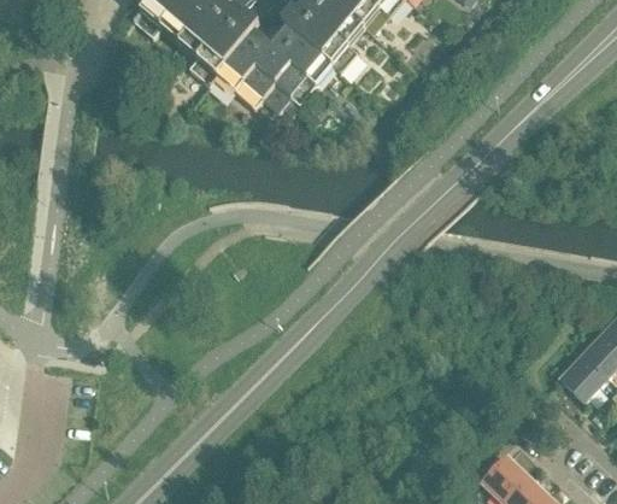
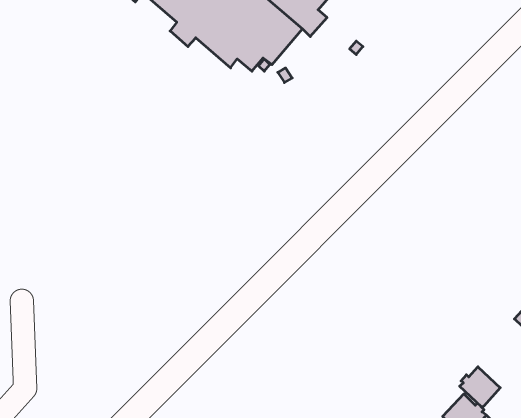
building: none -> [460,367,500,407]

